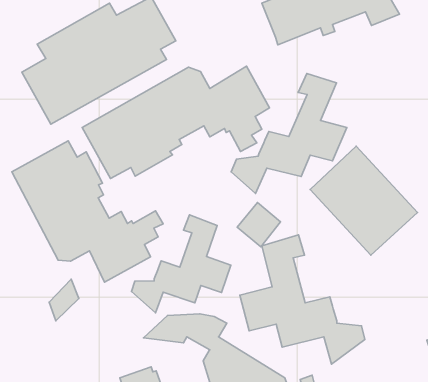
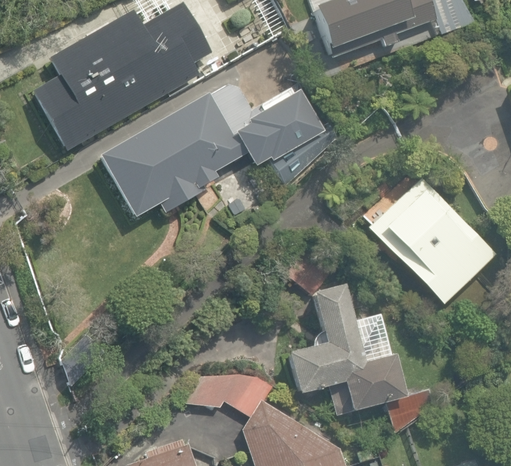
building: [231,74,347,194] -> none
building: [12,141,163,282] -> none
building: [131,215,231,313] -> none

